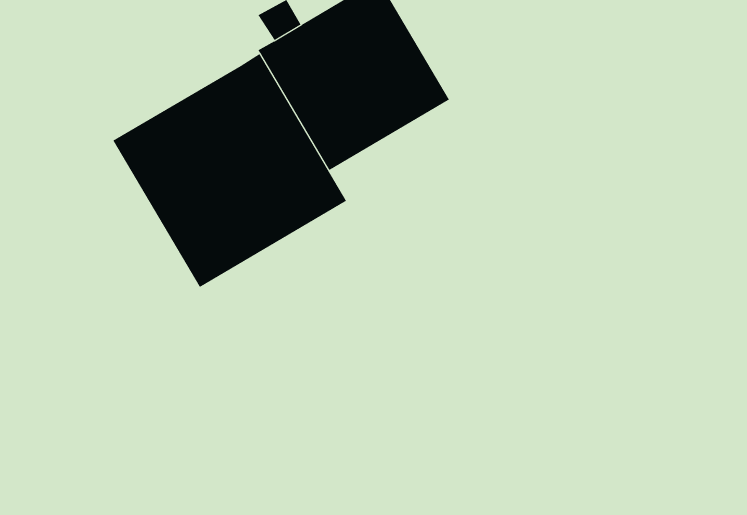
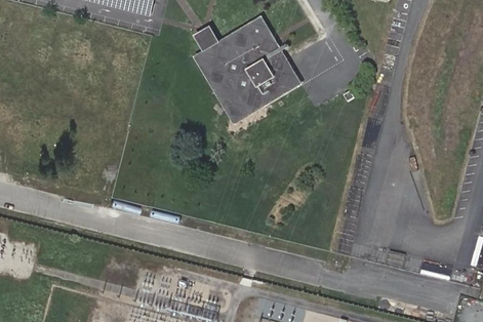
building: [113,53,347,288] -> none

